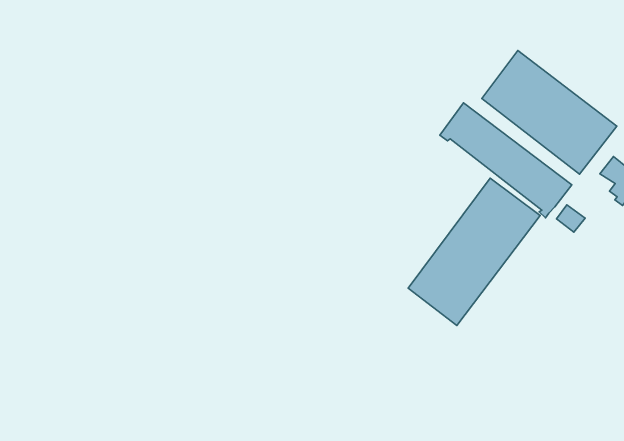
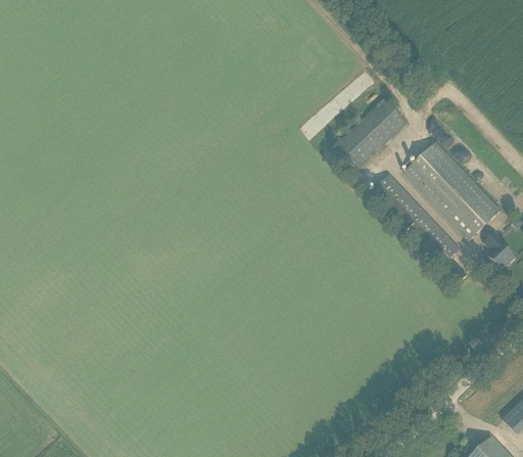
building: none -> [336,98,408,168]
building: [408,178,540,326] -> none

